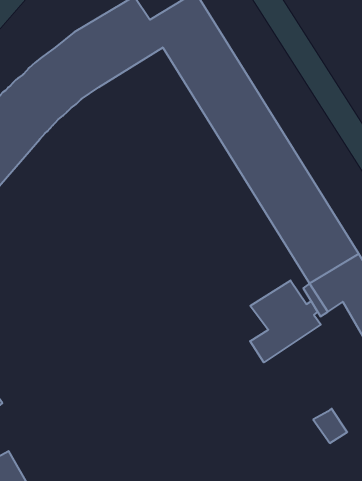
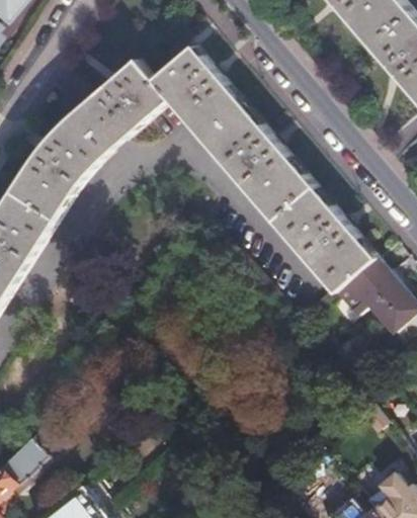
building: [250,280,321,362] -> none

